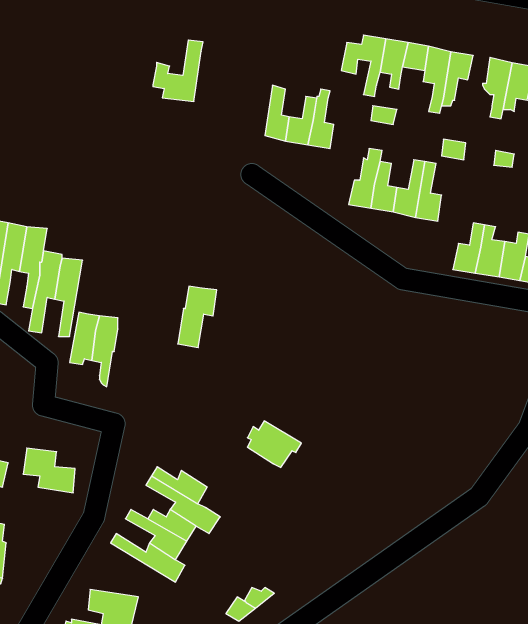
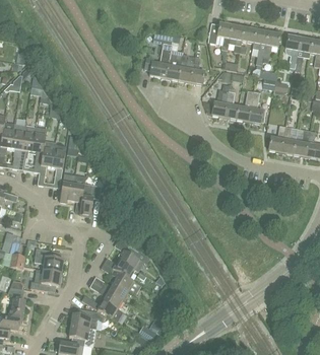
building: [153,40,203,101] -> [142,43,170,76]
building: [178,286,217,348] -> [78,182,100,215]
building: [247,421,301,467] -> [119,244,148,270]
building: none -> [28,268,60,289]
building: none -> [69,308,104,328]

